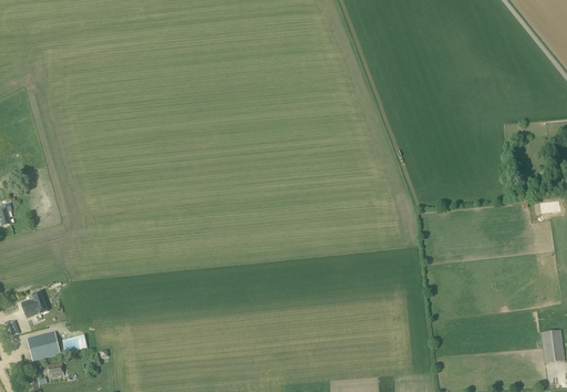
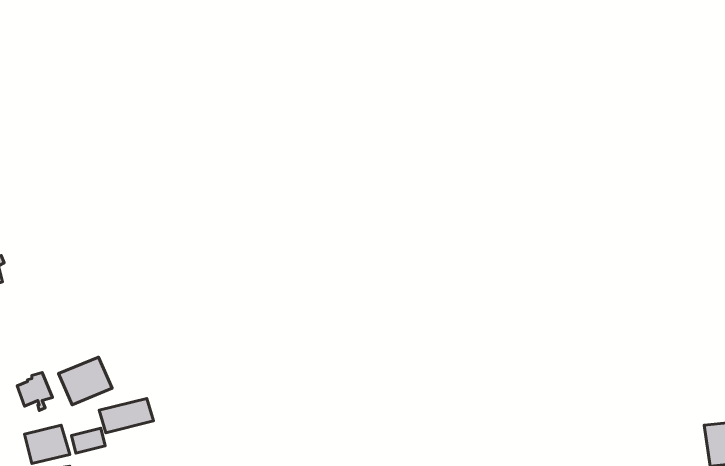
building: none -> [58,357,112,405]
building: none -> [99,398,154,433]

